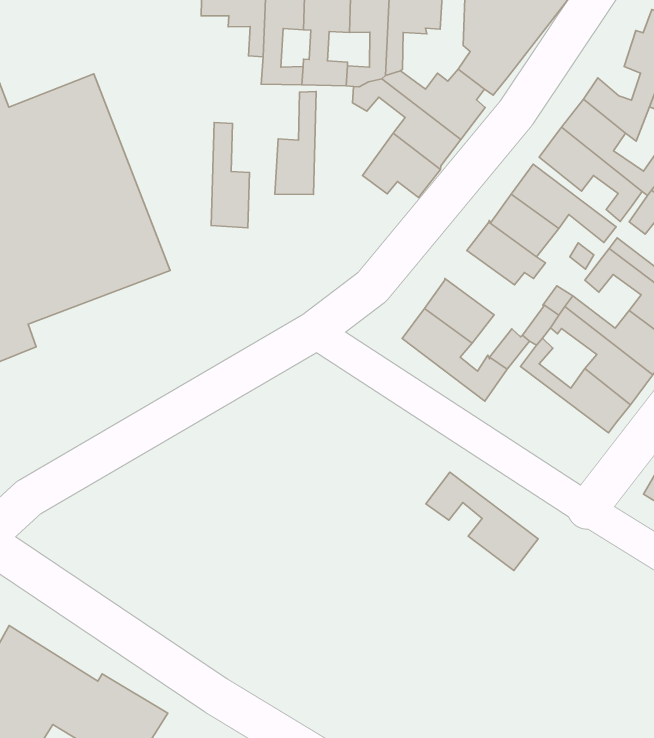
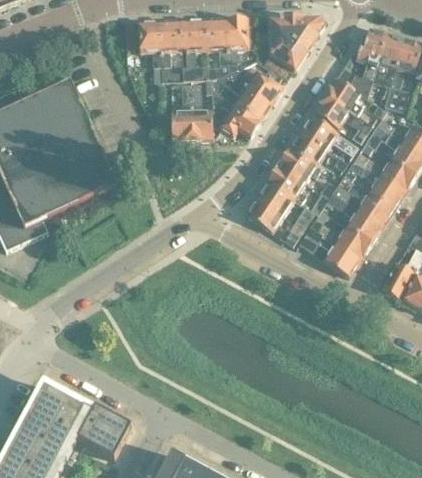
building: [211,122,250,228] -> [191,83,213,139]
building: none -> [267,164,306,202]
building: [426,472,538,570] -> [299,225,361,276]

